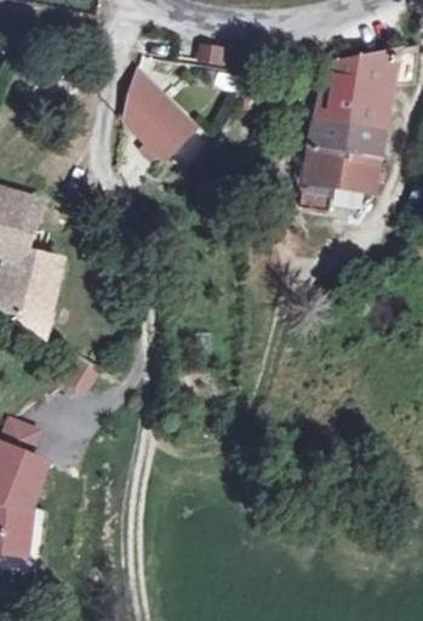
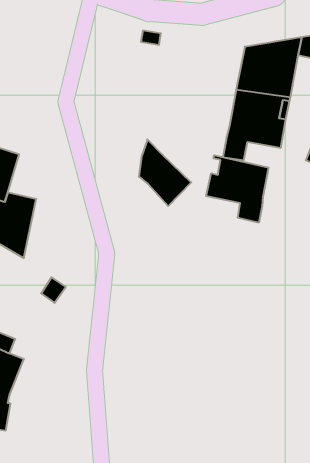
building: [127,73,194,158] -> [139,139,191,206]
building: none -> [206,155,268,223]

